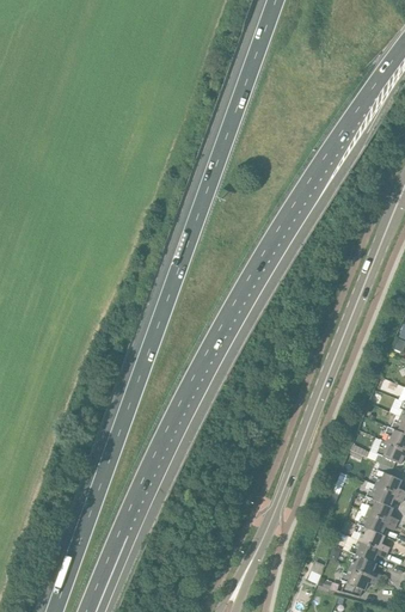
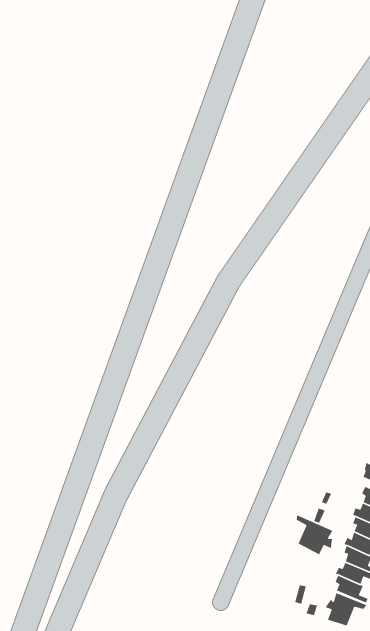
building: none -> [296,514,333,555]

